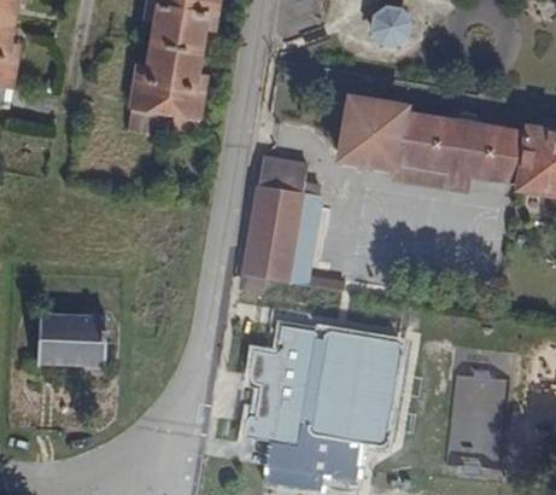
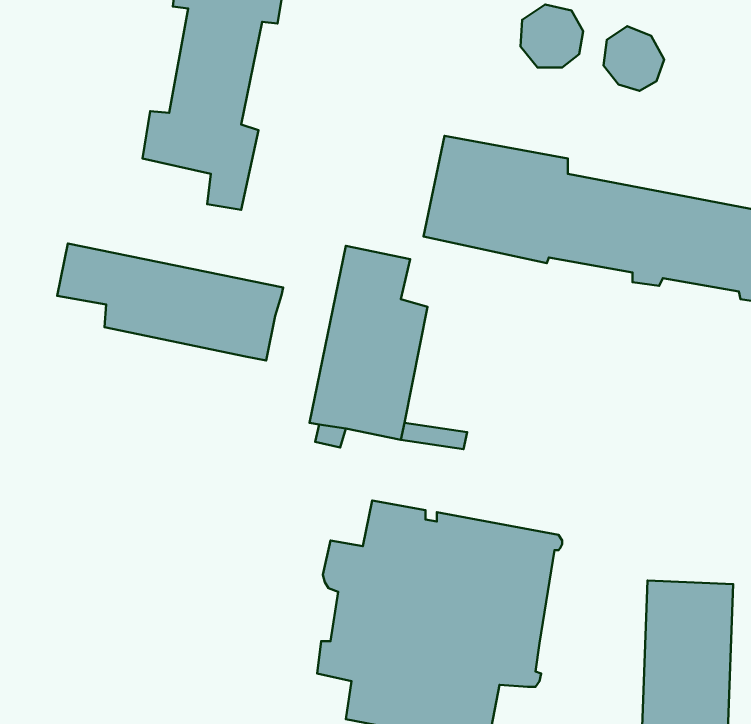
building: none -> [604,26,664,91]
building: none -> [57,243,283,361]
building: [51,311,117,360] -> none

